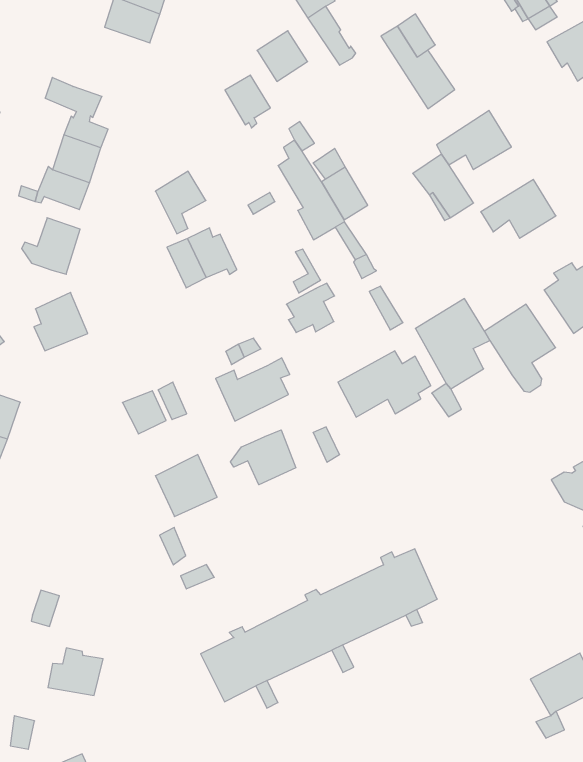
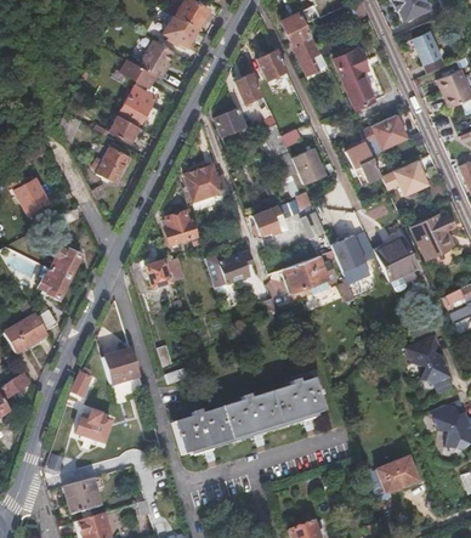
building: none -> [141,38,176,78]
building: [155,171,206,234] -> [214,103,244,141]
building: [34,292,88,351] -> [166,210,199,244]
building: [230,430,296,485] -> none
building: [155,455,217,517] -> [101,341,137,378]

